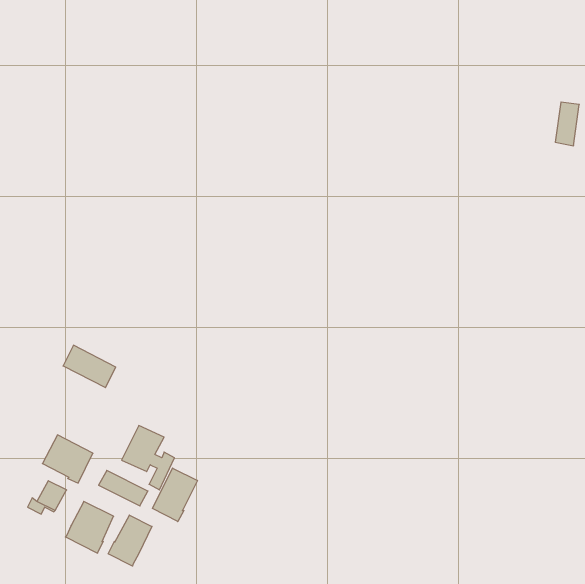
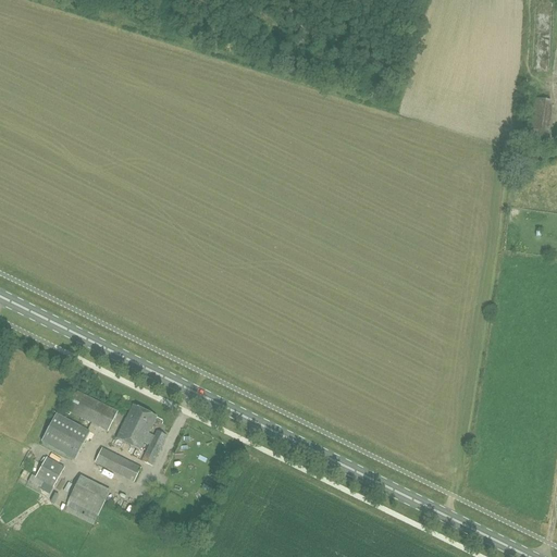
building: [63,345,116,388] -> [66,389,116,430]
building: [152,468,197,522] -> none
building: [108,515,152,566] -> none

